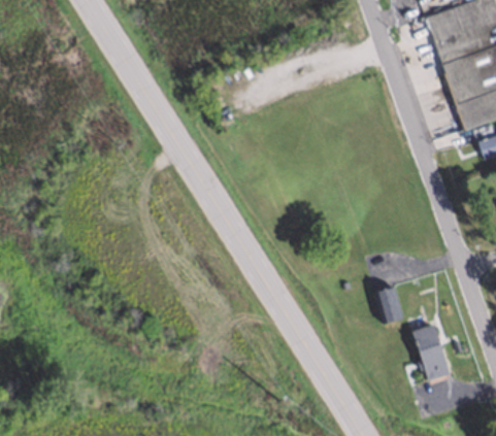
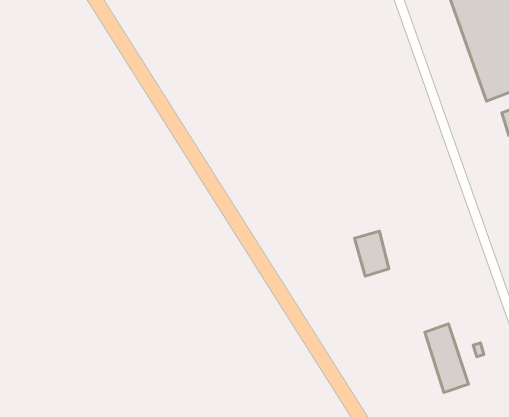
building: [374,284,404,324] -> [355,231,389,276]

